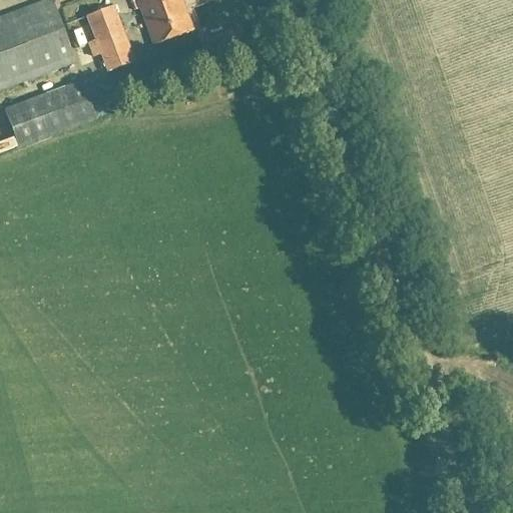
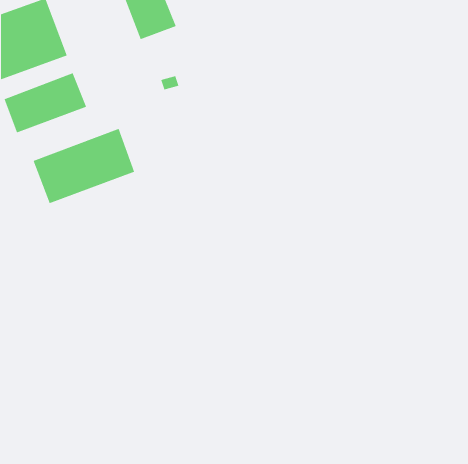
building: [84,4,134,70] -> none
building: none -> [32,128,135,204]

